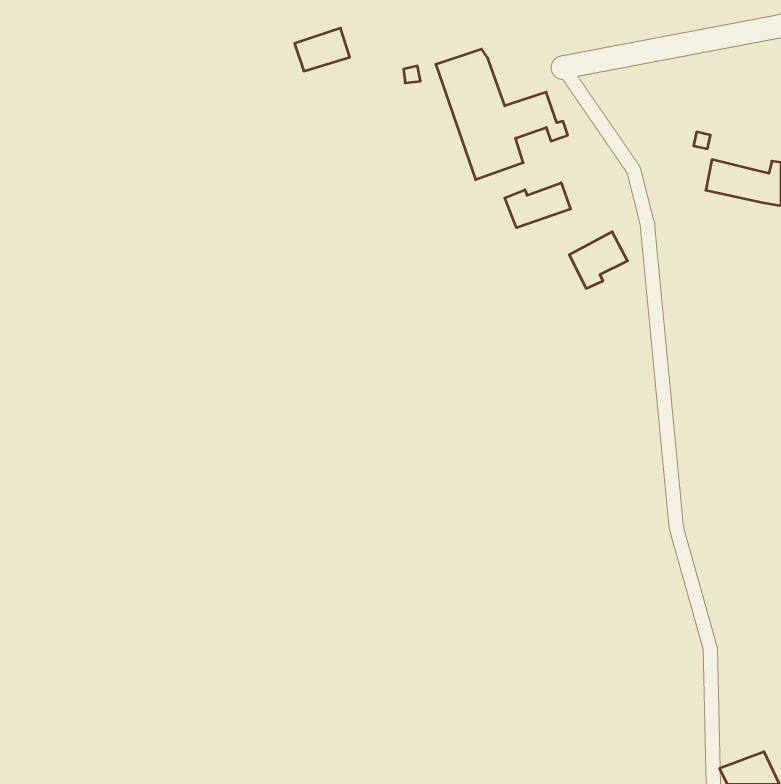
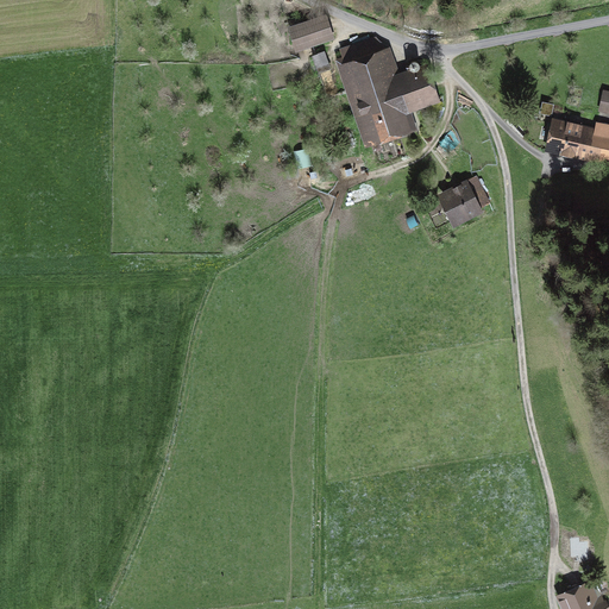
building: [295,28,350,71] -> [288,15,331,49]
building: [505,183,571,228] -> none

